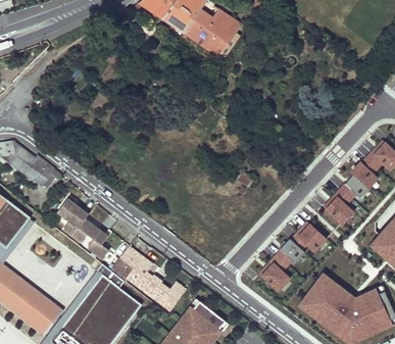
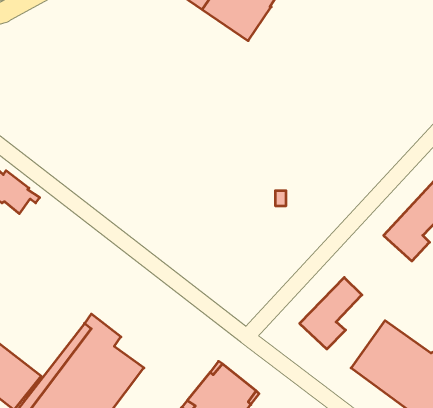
building: [56,197,110,257] -> none
building: [293,218,328,252] -> none
building: [112,251,186,309] -> none

